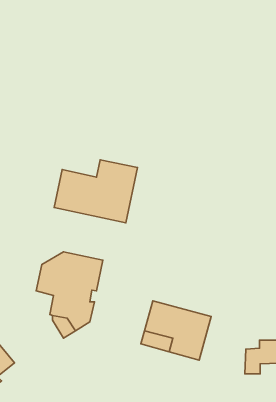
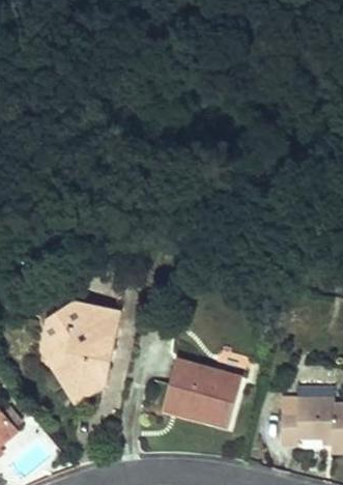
building: [54,160,137,223] -> none

